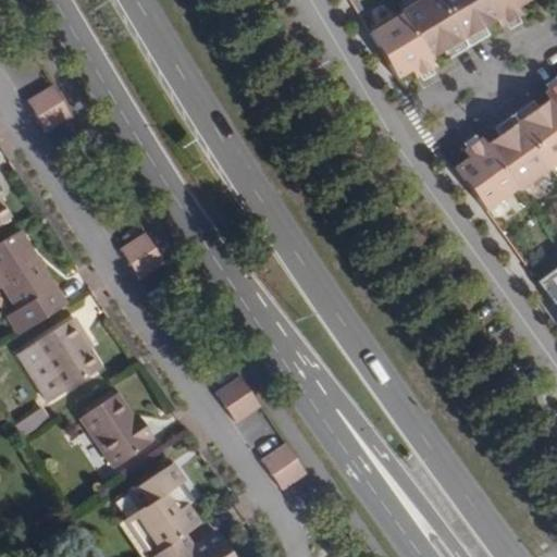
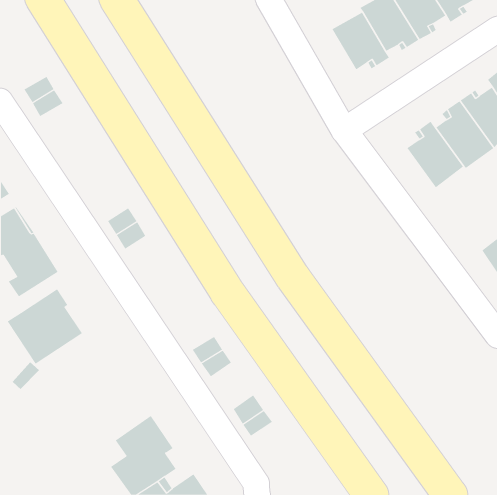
building: [79,394,151,468] -> none

